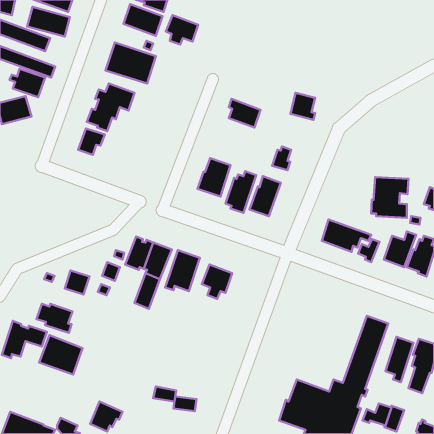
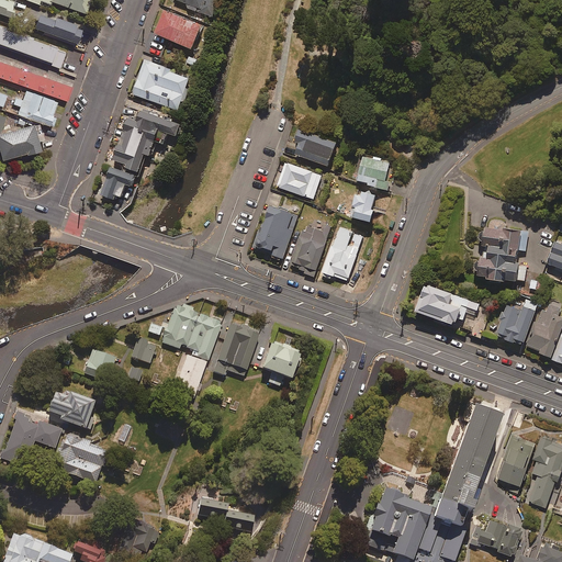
building: [166,15,198,45] -> none
building: [290,93,315,120] -> [358,154,390,189]
building: none -> [278,161,322,198]

